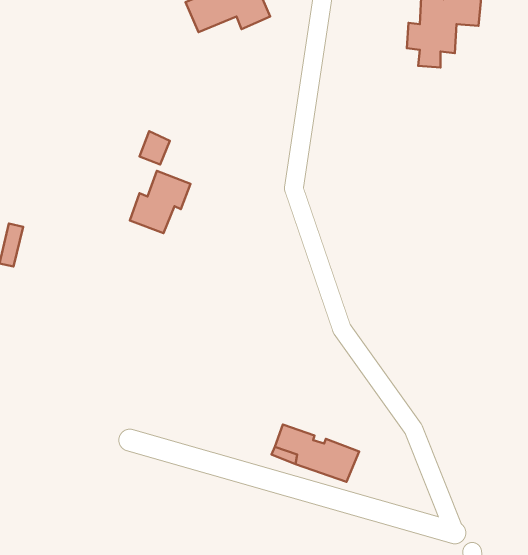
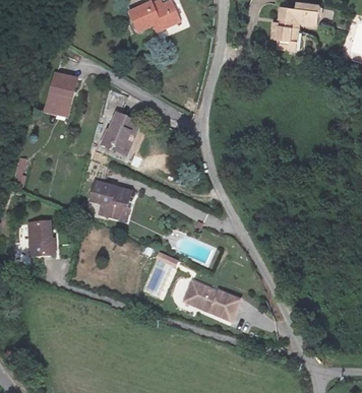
building: none -> [36,80,70,121]
building: none -> [89,188,129,212]
building: none -> [29,219,52,252]

